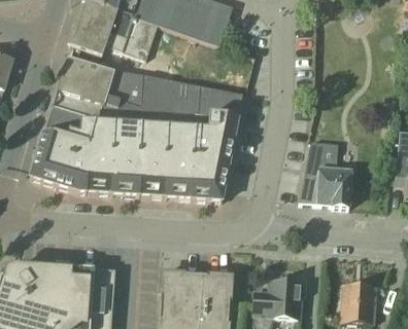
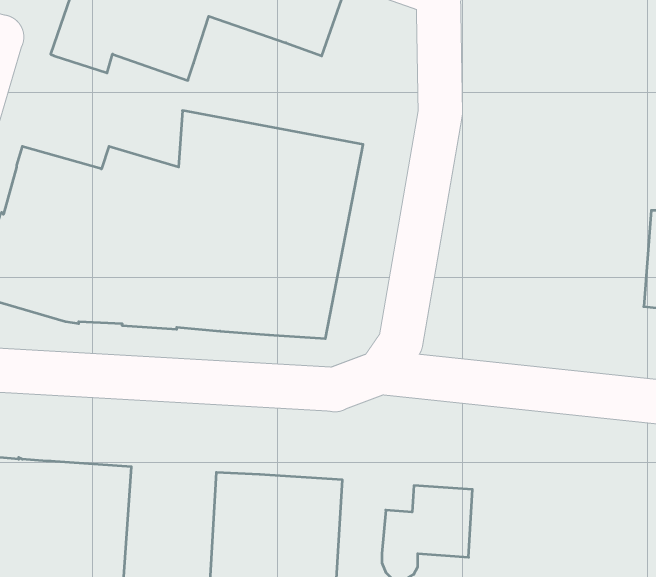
building: [56,56,144,106] -> none
building: [299,140,351,206] -> none
building: [341,283,375,322] -> none

